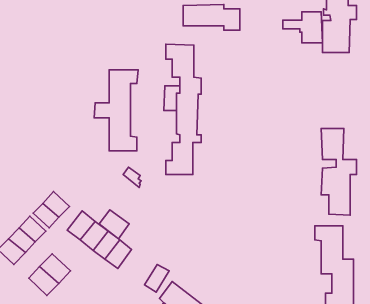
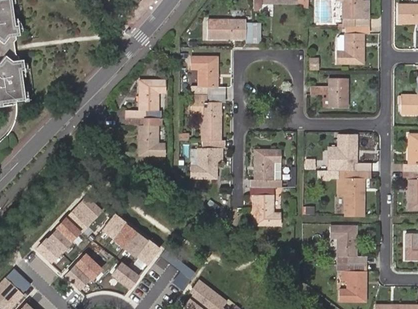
building: [283,12,322,43] -> [310,78,347,107]
building: none -> [249,148,281,225]
building: [99,210,129,239] -> [110,261,138,288]

